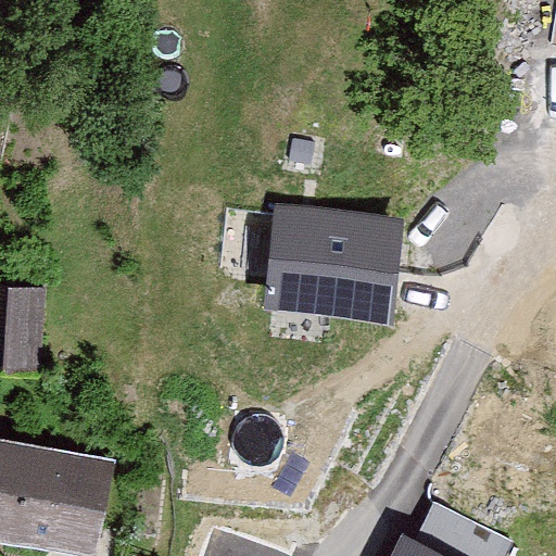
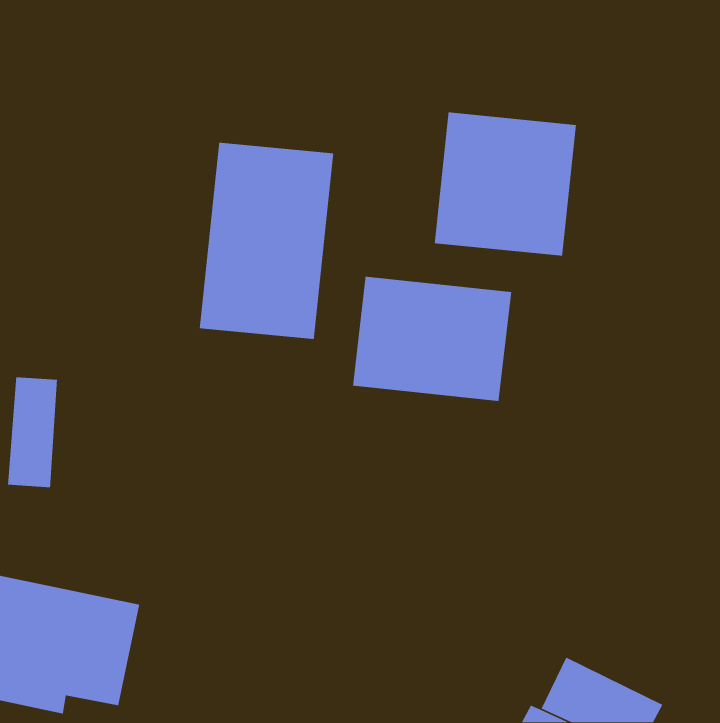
building: none -> [434,112,577,257]
building: none -> [199,142,334,340]

